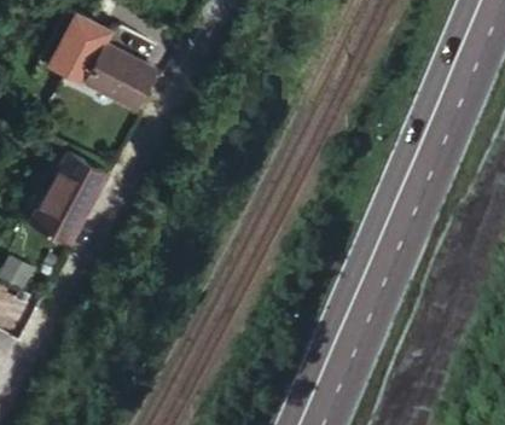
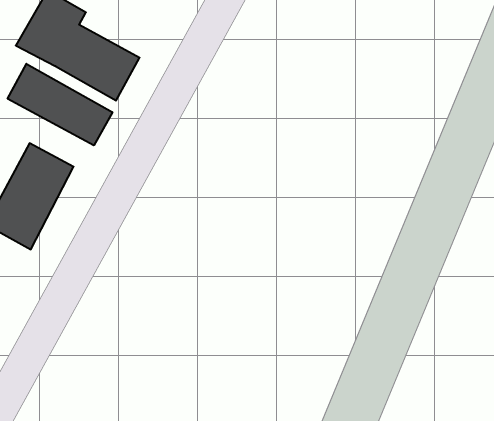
building: none -> [8,64,112,145]

